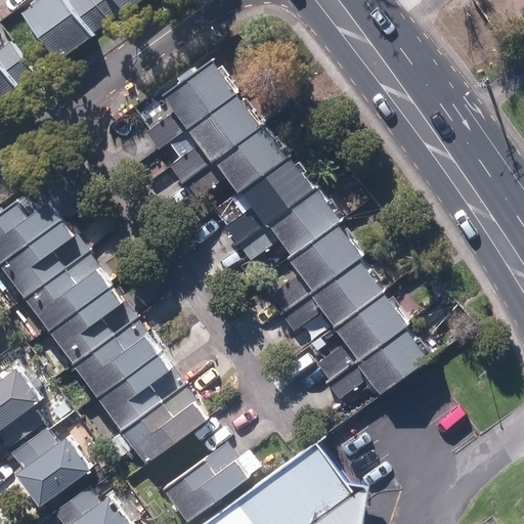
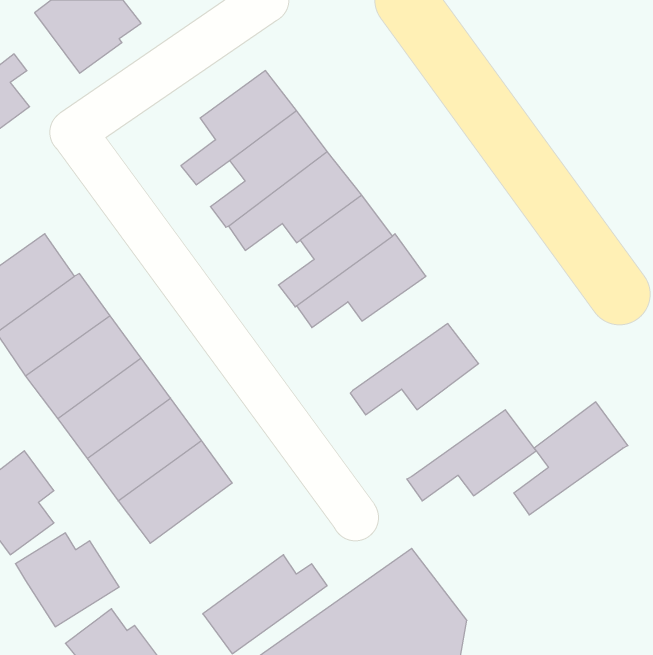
building: [269,223,360,312] -> none
building: [316,291,407,381] -> [514,402,628,515]
building: [120,386,209,467] -> none

